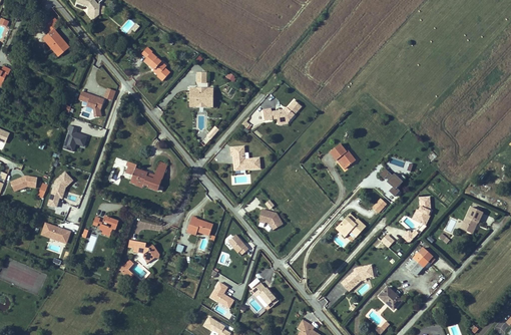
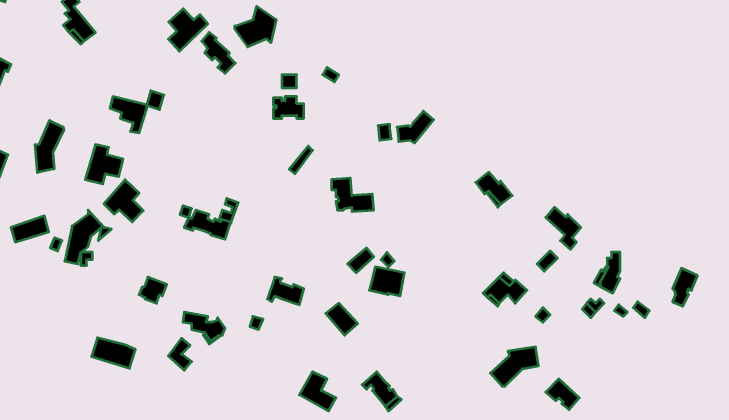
building: none -> [235,6,276,47]
building: none -> [168,9,208,51]
building: none -> [35,120,64,173]
building: none -> [104,180,143,222]
building: [40,222,70,243] -> [92,338,135,368]
building: [406,247,438,274] -> none

